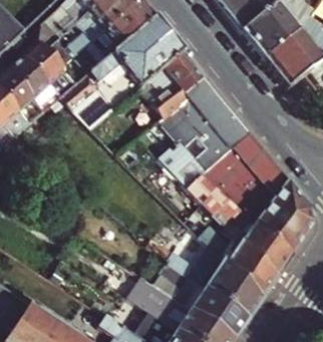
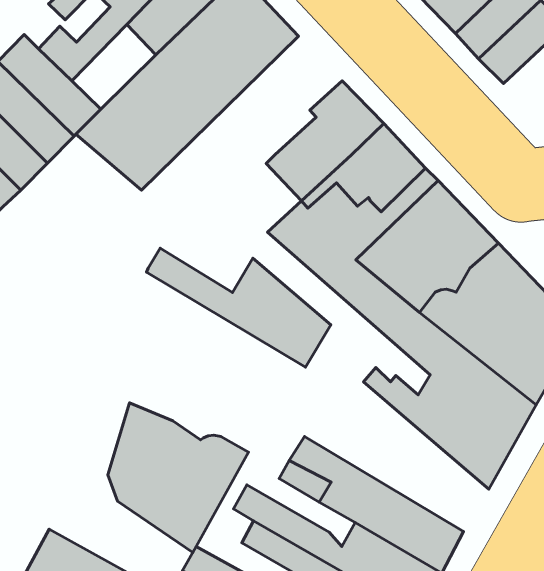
building: [149,51,202,112] -> none
building: none -> [108,403,248,552]
building: [168,249,262,317] -> [147,248,331,367]

